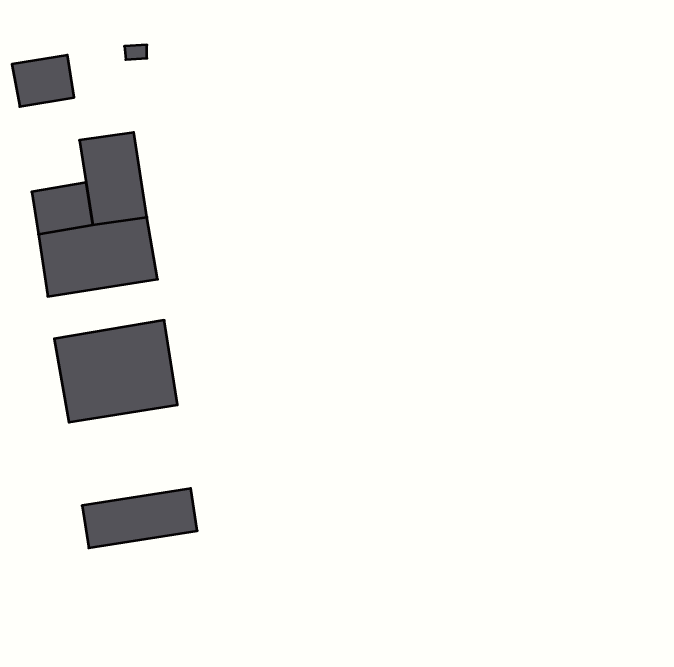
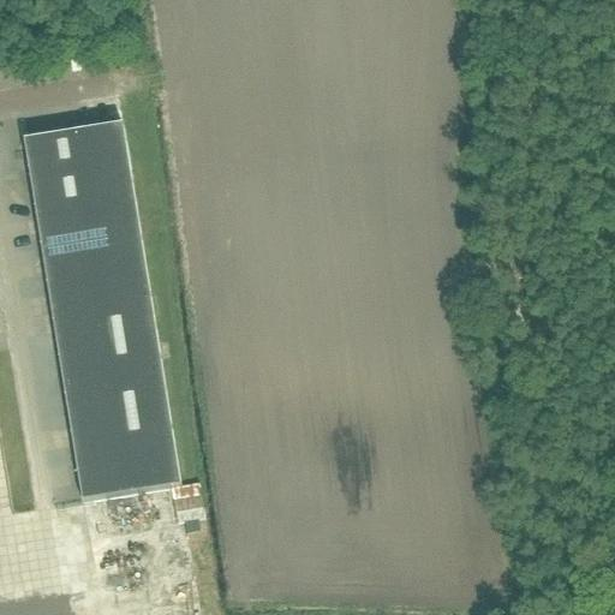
building: [12,55,74,107] -> [22,127,78,174]
building: none -> [43,253,149,308]
building: none -> [62,368,173,459]

